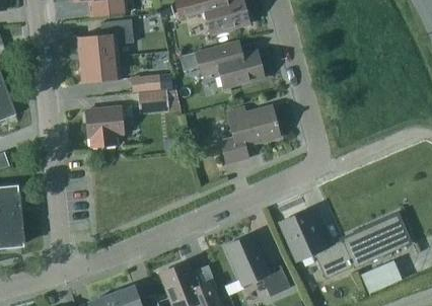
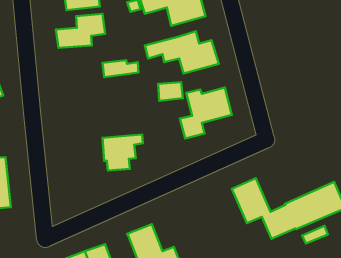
building: [80,57,121,82] -> none
building: [139,92,167,113] -> [158,82,183,101]
building: [85,106,132,148] -> [102,134,143,170]
building: [224,234,290,297] -> none

